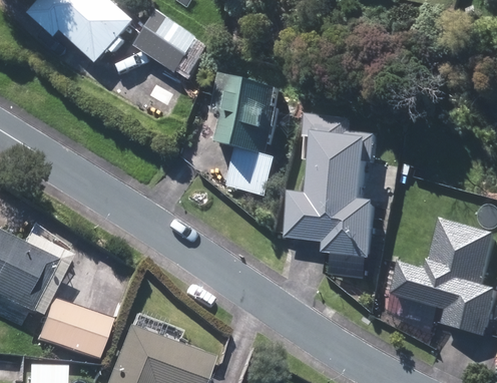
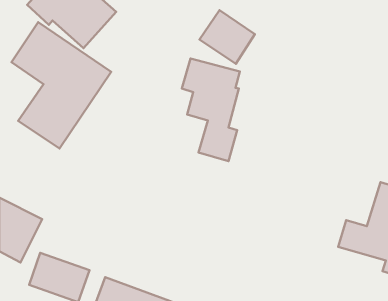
building: [136,11,200,73] -> [200,10,255,64]
building: none -> [12,22,111,148]
building: [286,115,376,257] -> none

